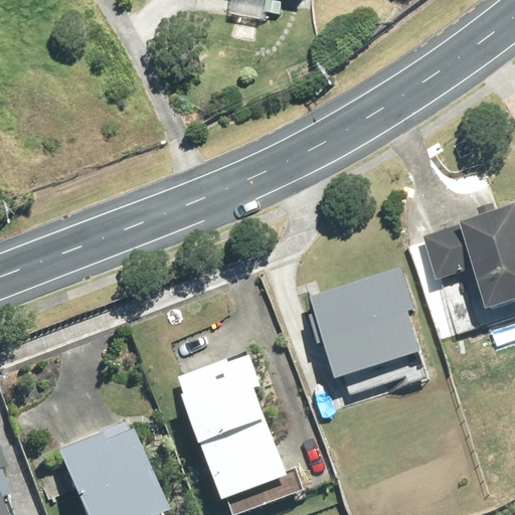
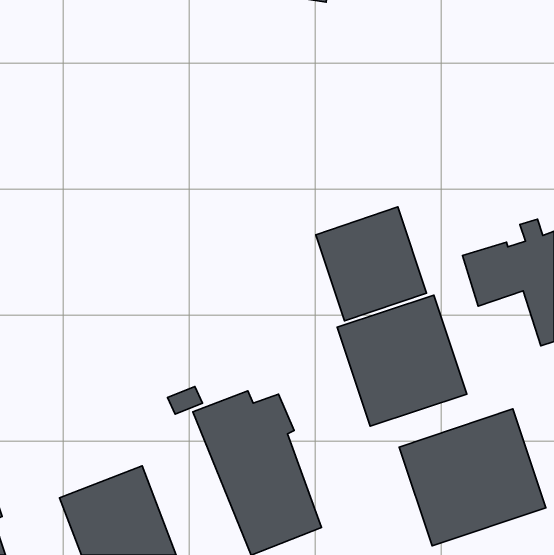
building: none -> [316,207,427,321]
building: none -> [399,409,546,546]

